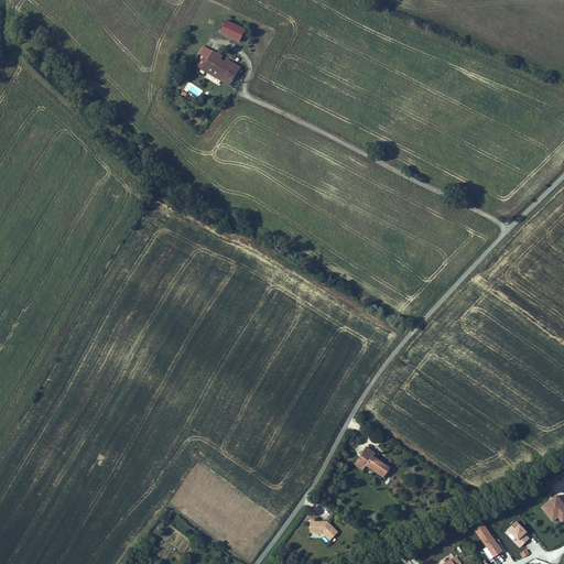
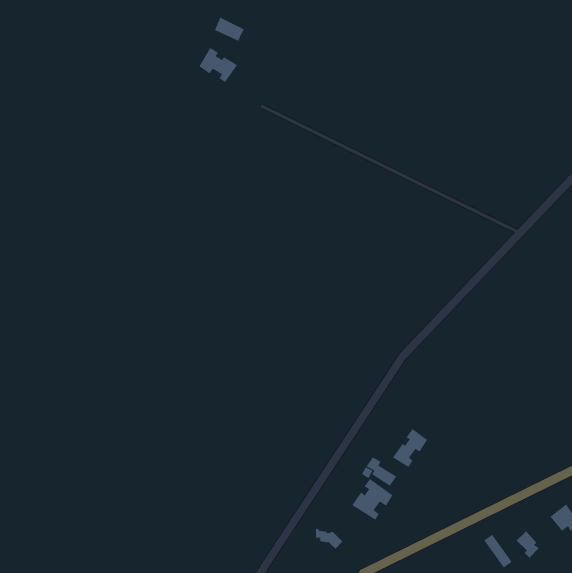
building: none -> [392,428,428,468]
building: none -> [351,478,393,520]

